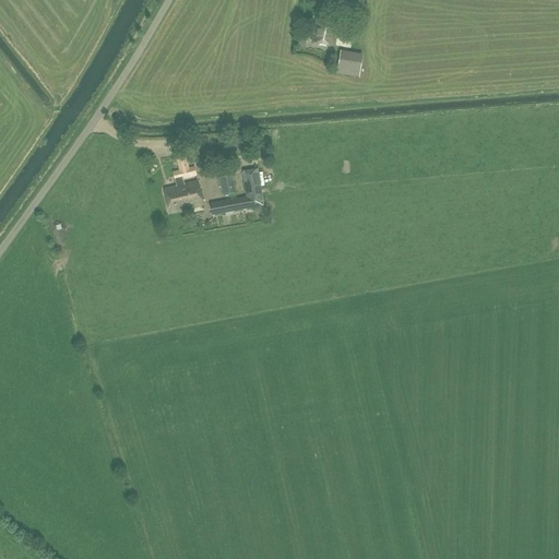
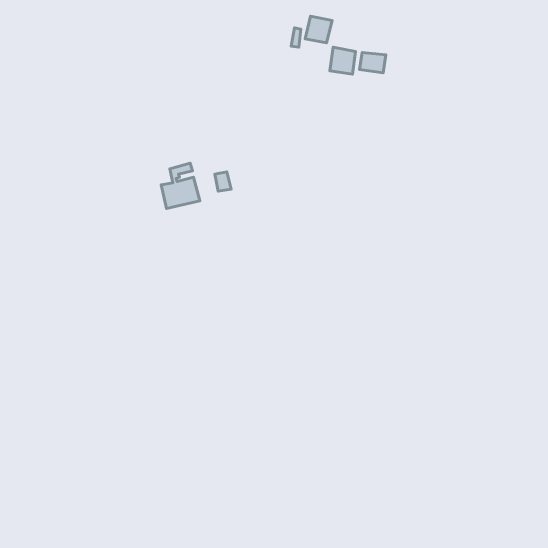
building: none -> [360,52,386,73]
building: [209,167,262,214] -> none

